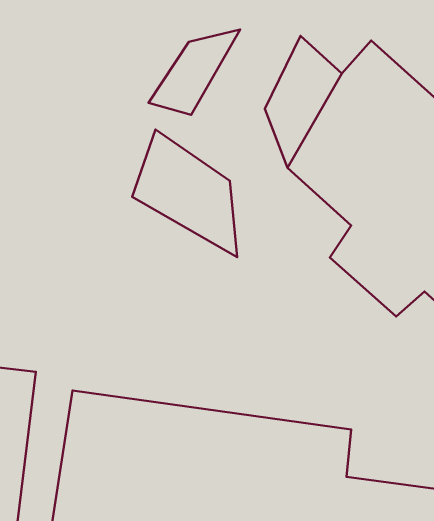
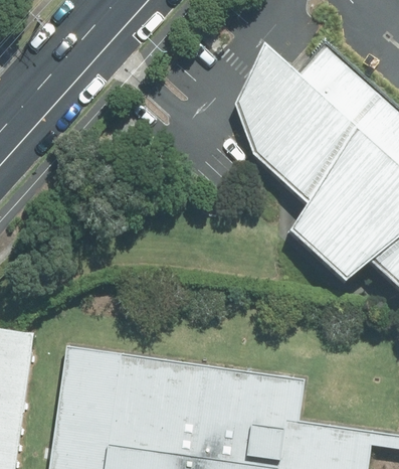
building: [148,30,240,115] -> none
building: [132,129,237,257] -> none

